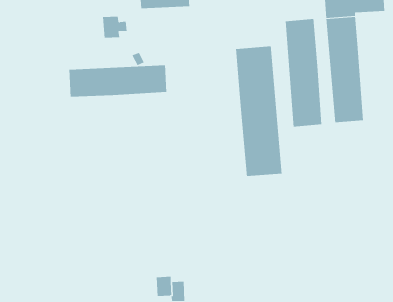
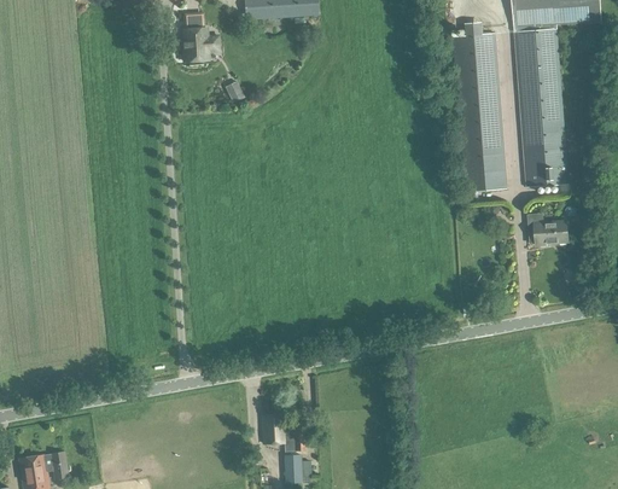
building: [236,46,282,177] -> none
building: [69,64,167,97] -> none
building: none -> [529,221,567,246]

